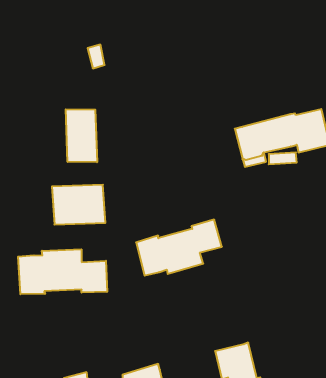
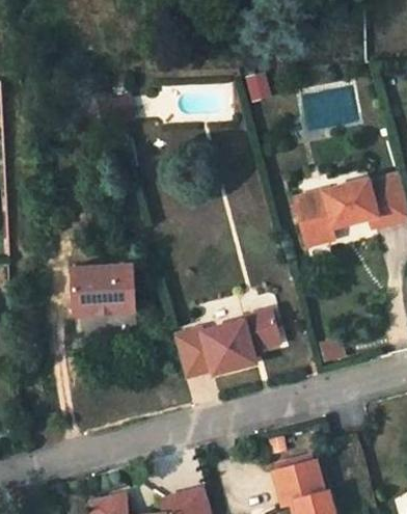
building: [66,109,97,162] -> none
building: [18,249,107,294] -> none

